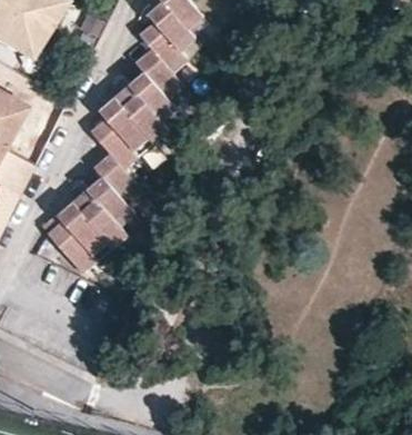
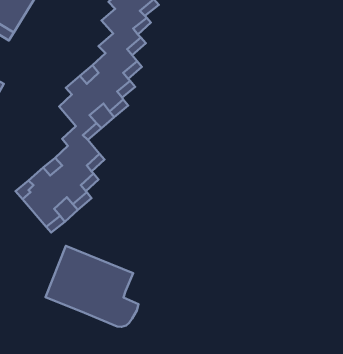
building: none -> [46,246,139,327]

